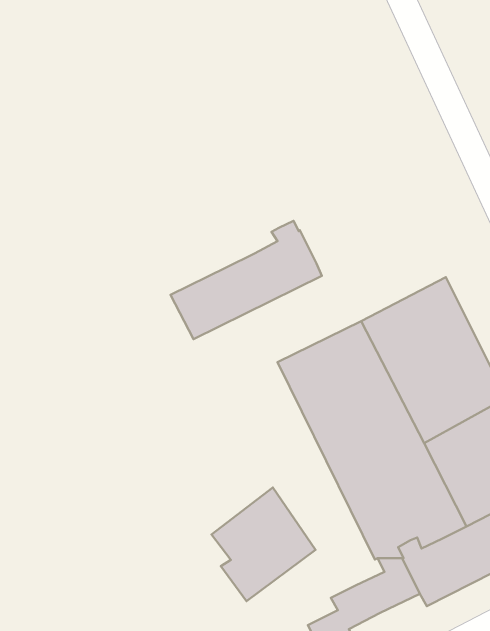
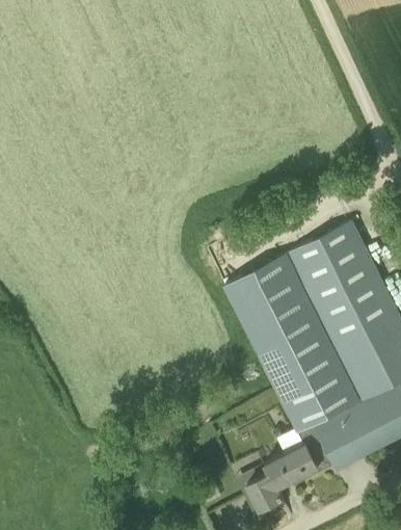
building: [170,221,322,339] -> none
building: [211,488,316,601] -> none

